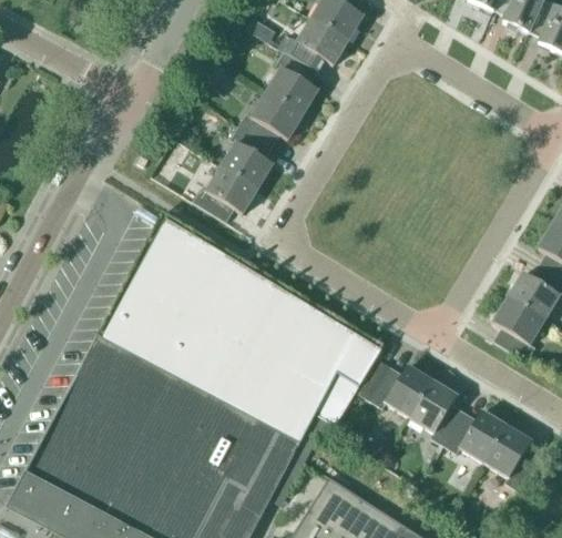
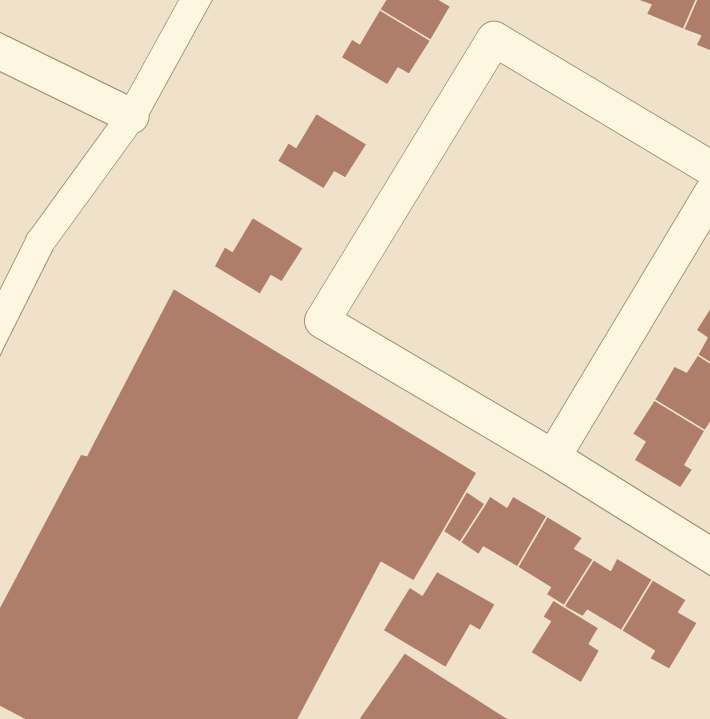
building: [266,53,317,115] -> none
building: [221,128,273,190] -> none
building: none -> [383,571,496,668]
building: none -> [531,600,600,683]

